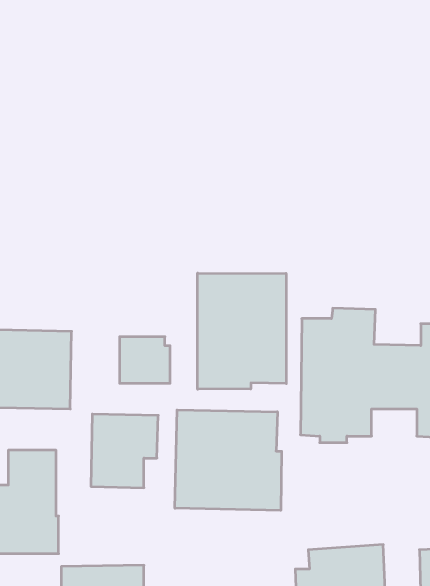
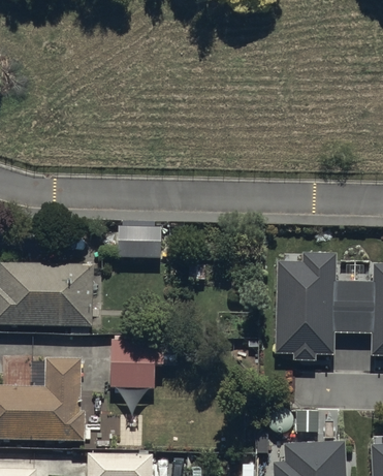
building: [198,273,286,389] -> none
building: [120,337,170,383] -> [120,224,160,261]
building: [175,410,282,510] -> none

